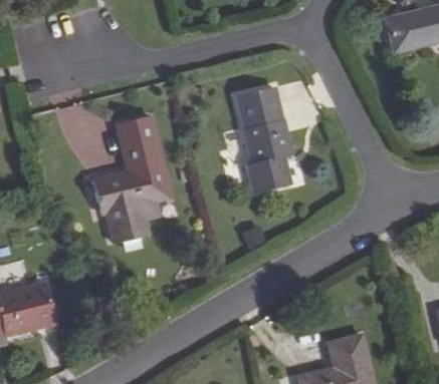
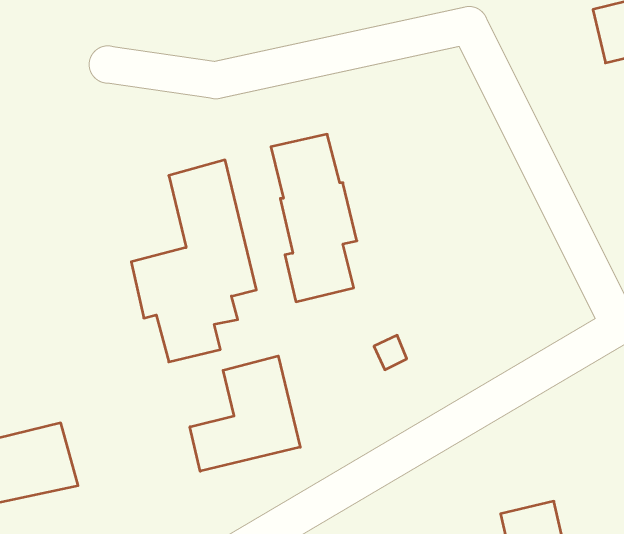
building: [237,86,292,194] -> [271,134,357,302]
building: none -> [190,356,300,471]

